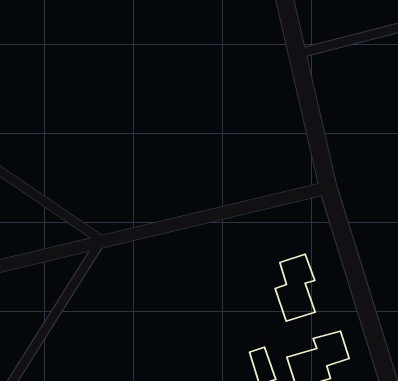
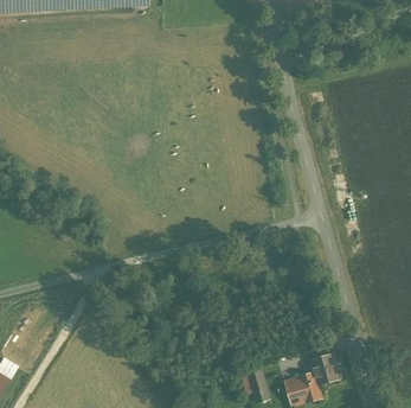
building: [275,254,315,321] -> none

